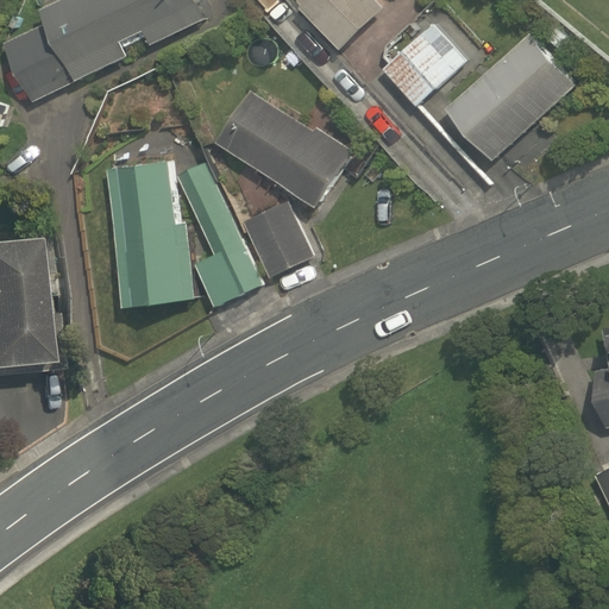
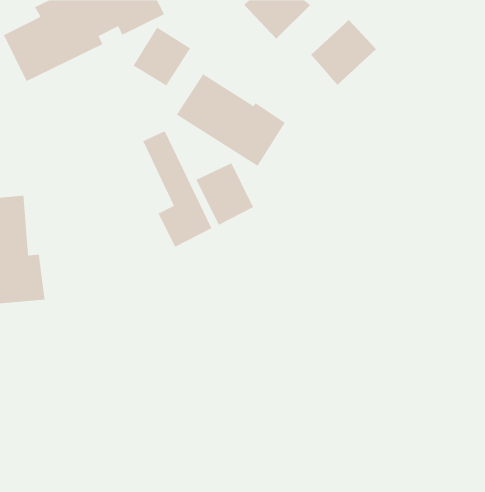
building: [446,32,576,159] -> none
building: none -> [132,26,191,87]
building: [106,161,197,306] -> none

